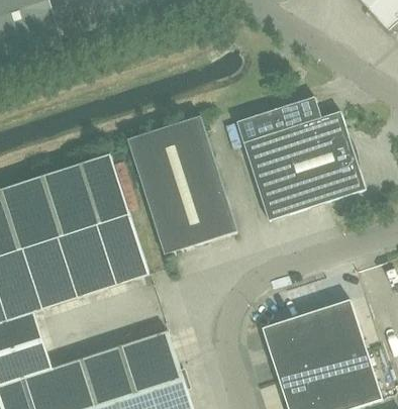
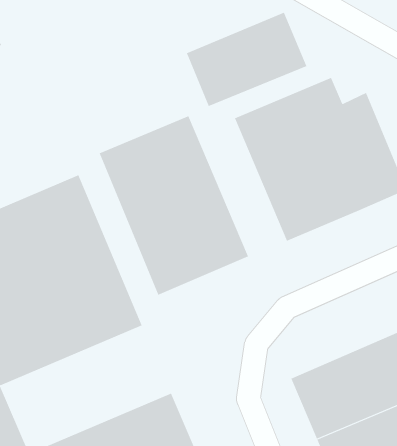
building: none -> [186,12,307,107]

